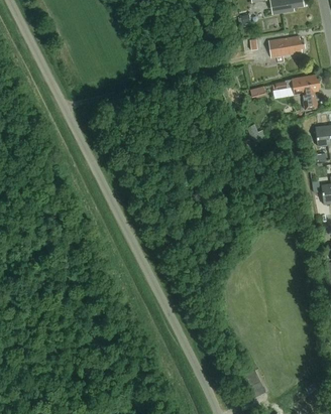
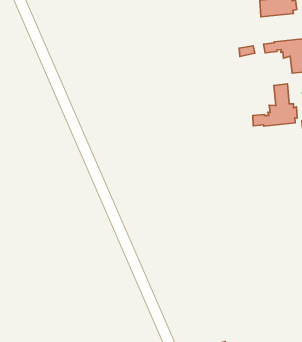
building: none -> [253,84,297,126]

